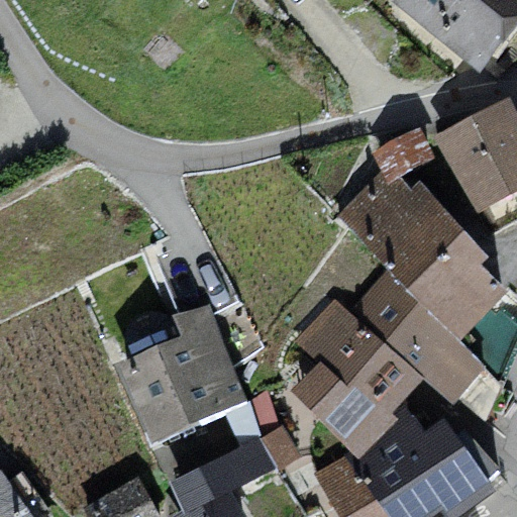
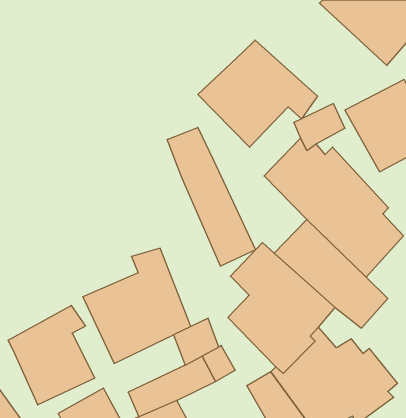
building: none -> [198,40,318,147]
building: none -> [167,127,256,266]
building: none -> [8,305,95,405]

